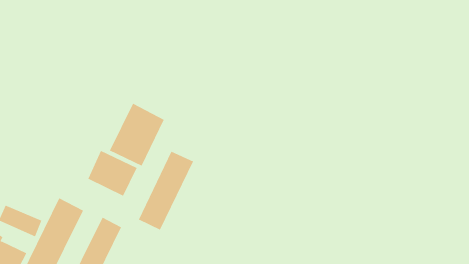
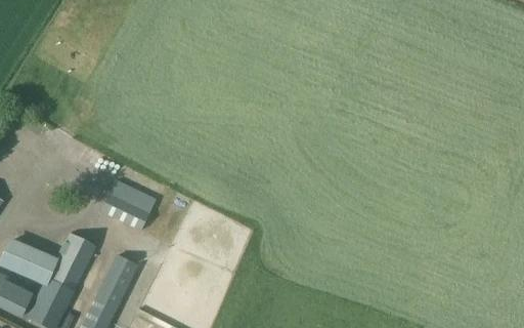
building: [109,103,164,166] -> none
building: [138,151,194,231] -> none

